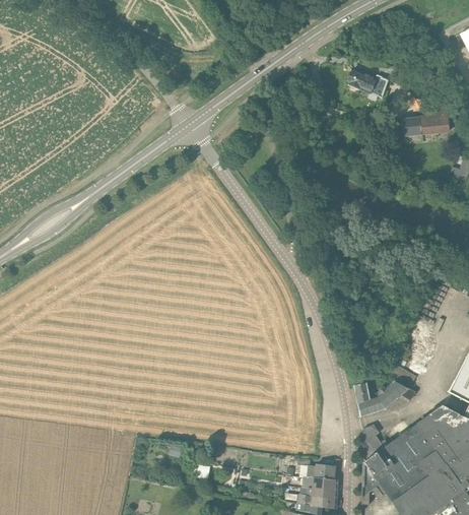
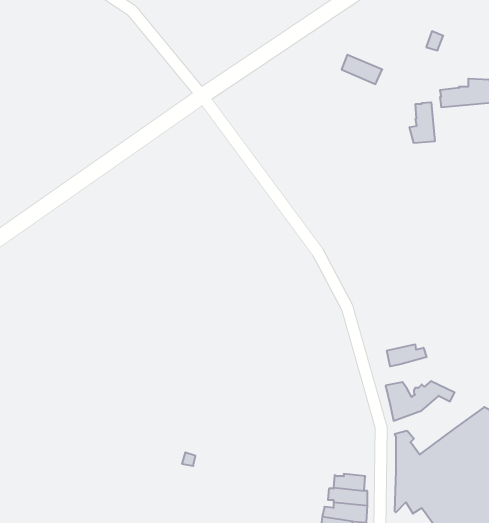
building: [348,70,385,96] -> [342,55,382,84]
building: none -> [410,102,435,143]
building: none -> [387,344,427,366]

